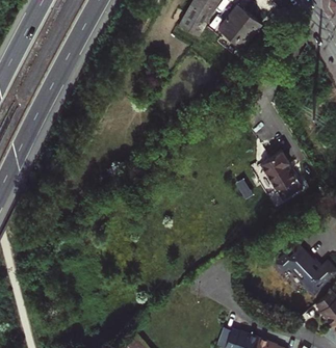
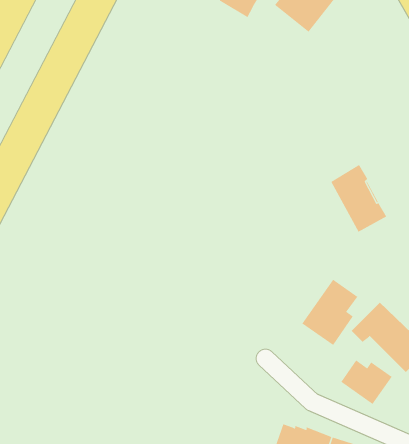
building: none -> [302,279,358,346]
building: none -> [340,360,392,405]

